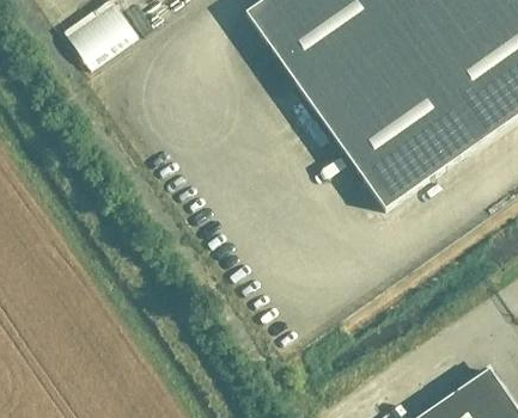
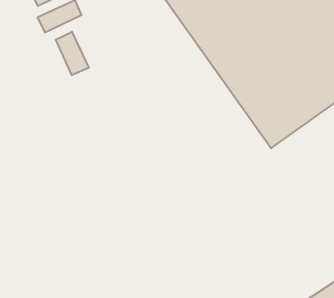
building: none -> [56,32,89,75]

